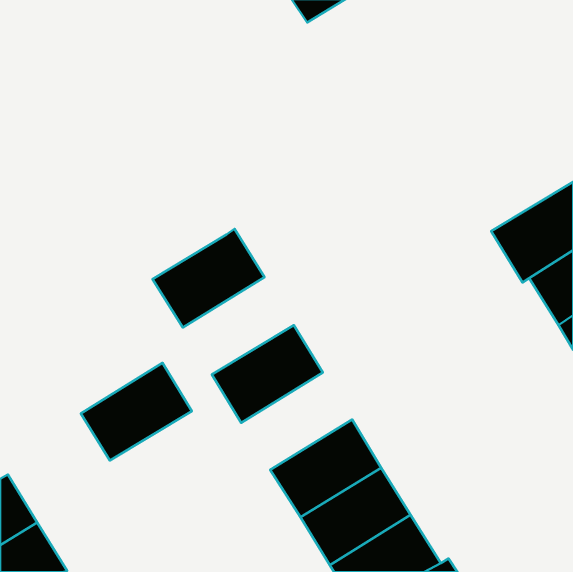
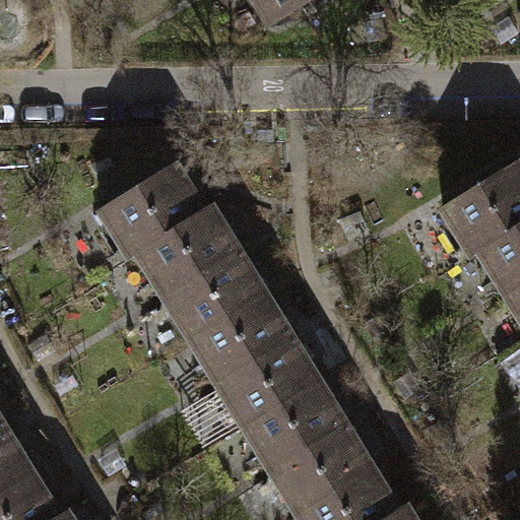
building: none -> [103,167,205,258]
building: [81,363,192,461] -> [166,251,266,339]
building: none -> [218,337,319,426]

